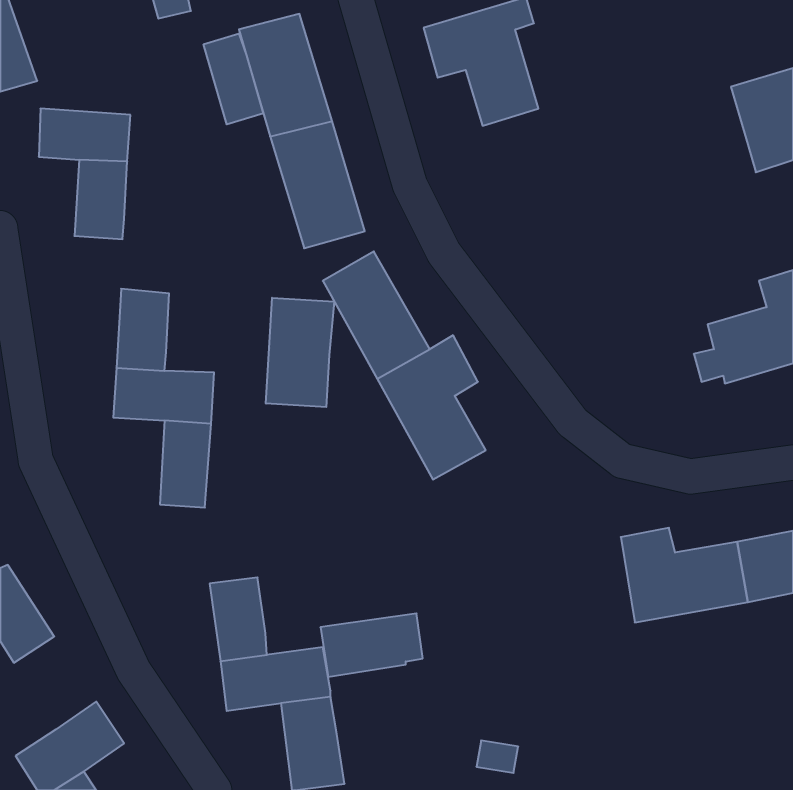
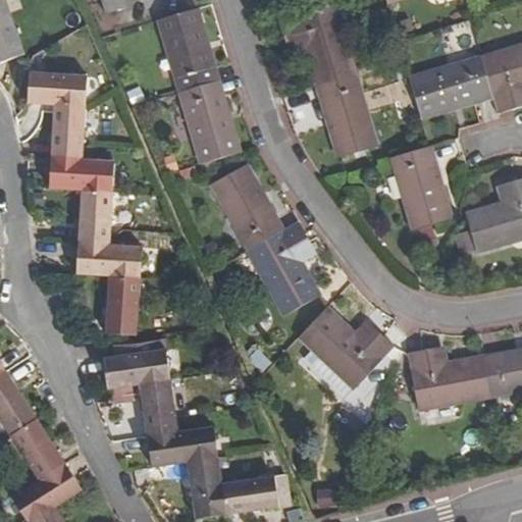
building: [204,34,263,124] -> none
building: none -> [409,57,491,115]
building: none -> [317,71,375,156]
building: none -> [393,145,452,228]
building: none -> [48,155,113,193]
building: [266,298,334,407] -> none
building: none -> [298,308,393,388]
building: none -> [102,334,169,388]
building: [320,613,423,677] -> [221,473,289,515]
building: none -> [9,418,63,479]

